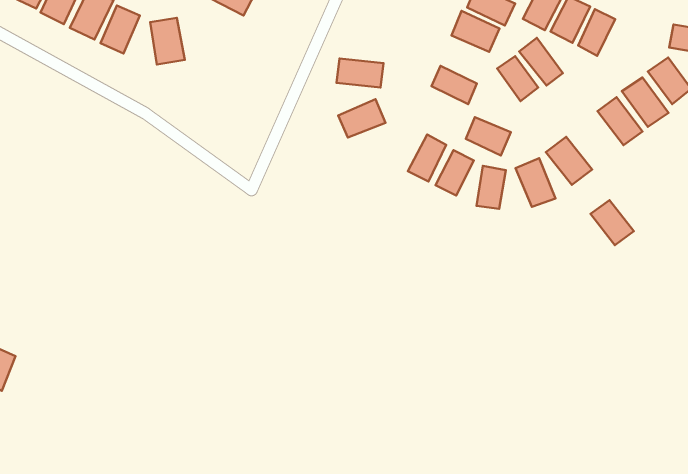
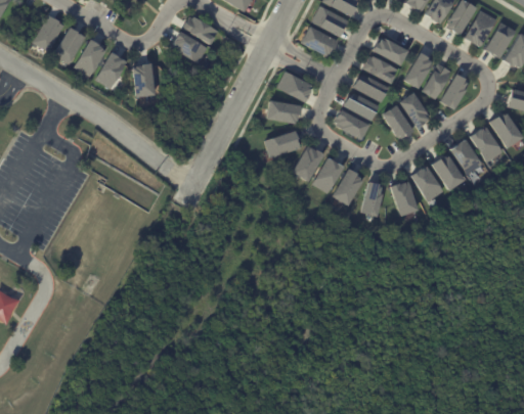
building: none -> [277,73,310,101]
building: [466,117,511,155] -> [343,91,376,120]
building: none -> [292,146,320,179]
building: [590,200,634,245] -> [434,154,465,187]

